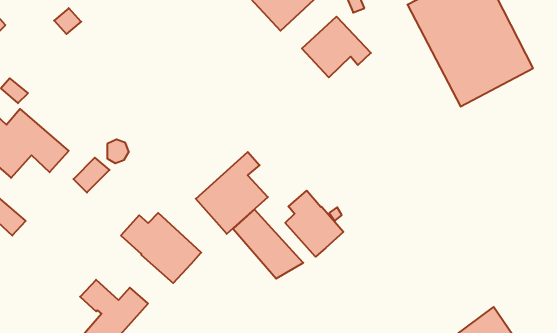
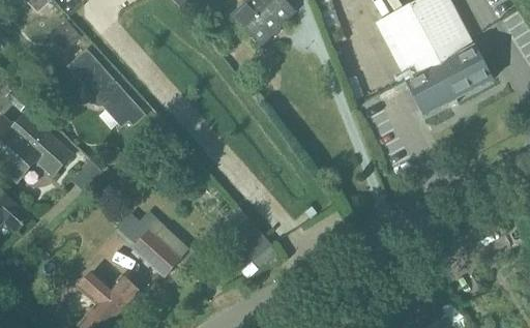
building: [302,17,371,77] -> none
building: none -> [66,49,140,126]
building: [196,152,268,234] -> none
building: [285,191,343,257] -> none

